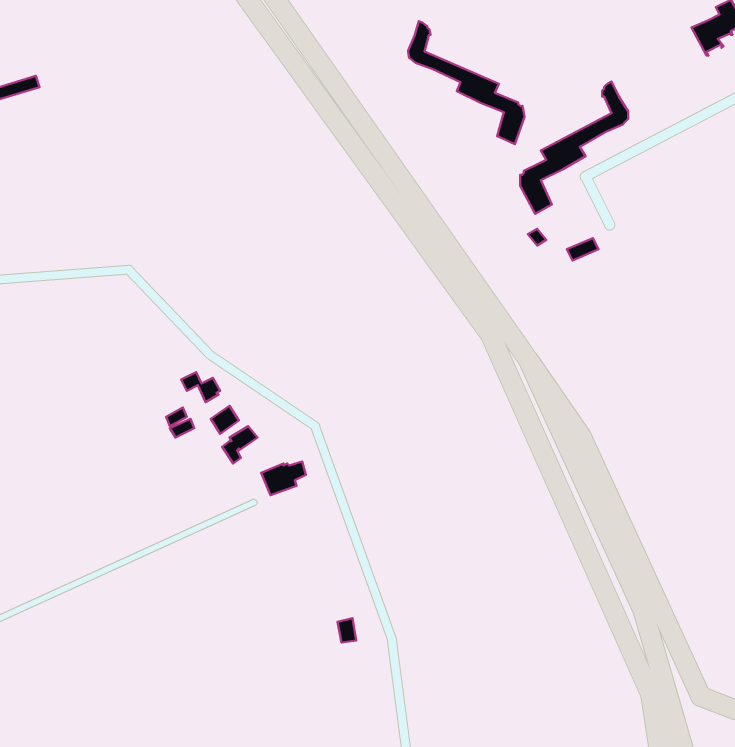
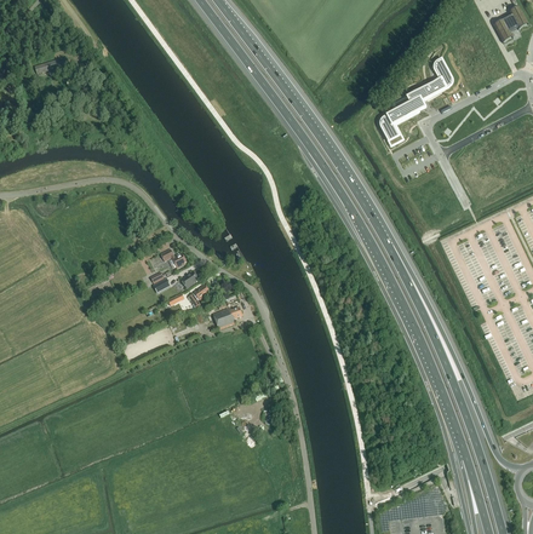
building: [408,21,524,144] -> none

